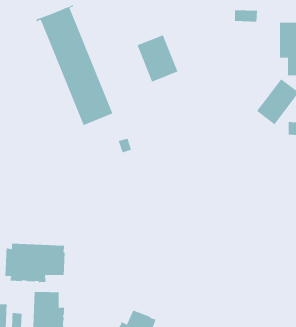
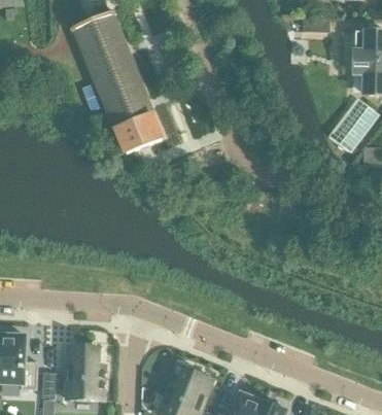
building: [137,35,178,82] -> none
building: [5,243,65,283] -> none

